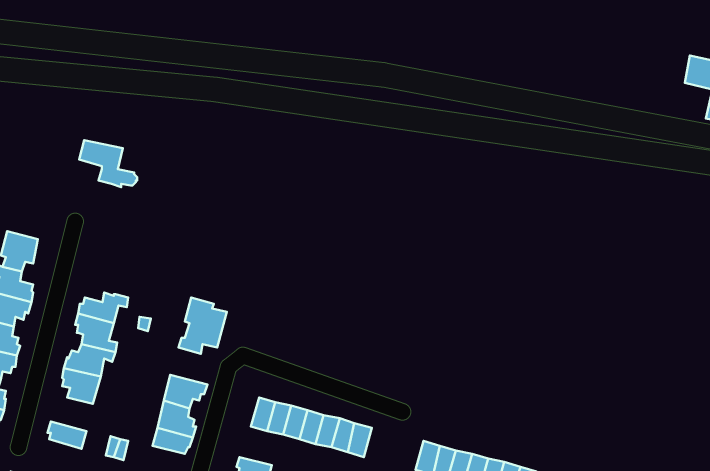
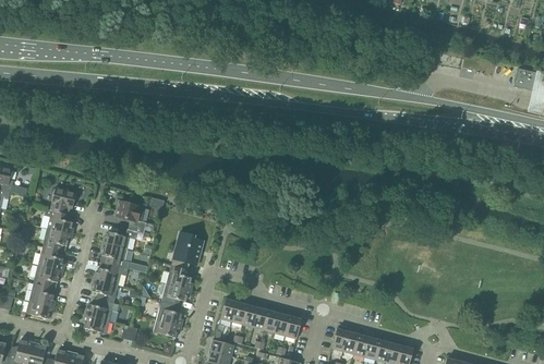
building: [79,140,137,187] -> [116,203,155,234]
building: none -> [166,266,192,291]
building: none -> [85,300,119,323]

